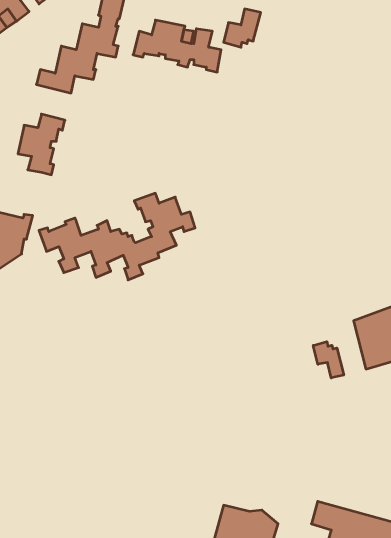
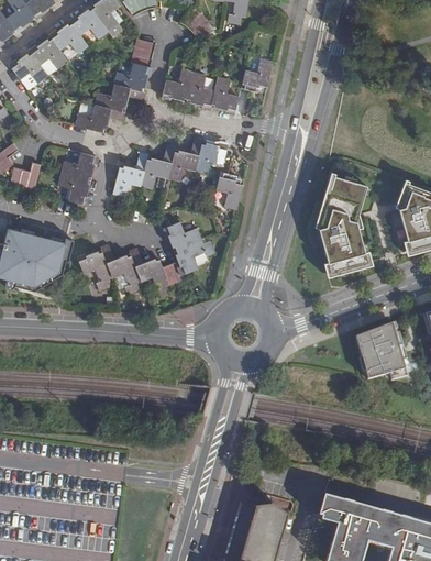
building: none -> [112,136,241,210]
building: none -> [318,174,374,275]
building: [313,342,344,378] -> none

